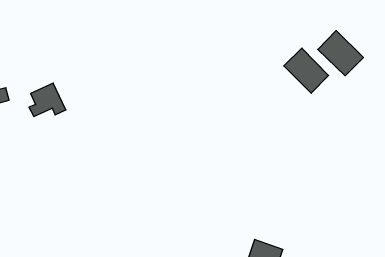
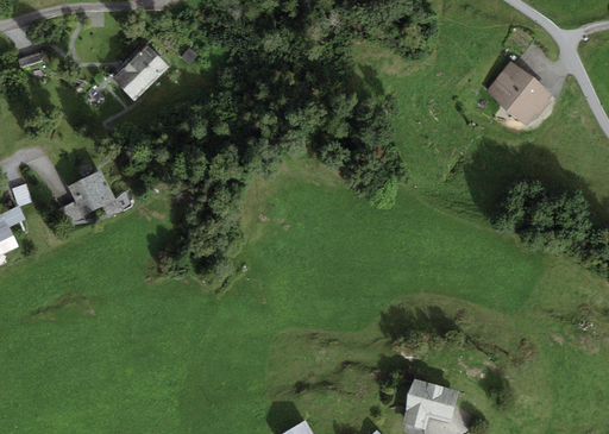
building: none -> [117,51,167,101]
building: [284,48,329,93] -> none

